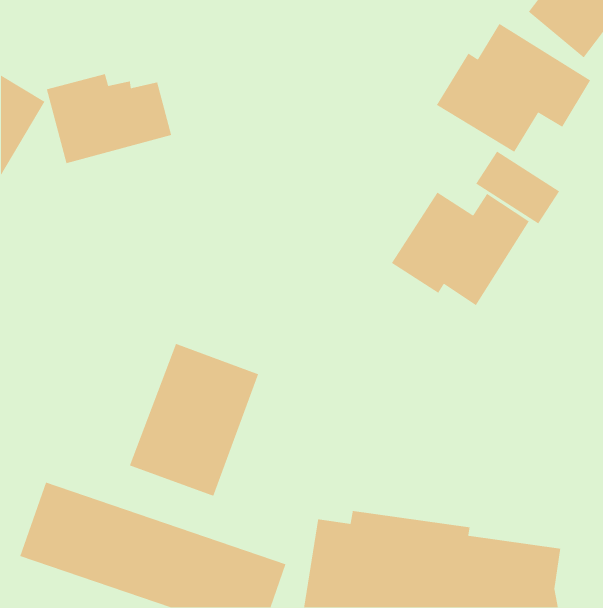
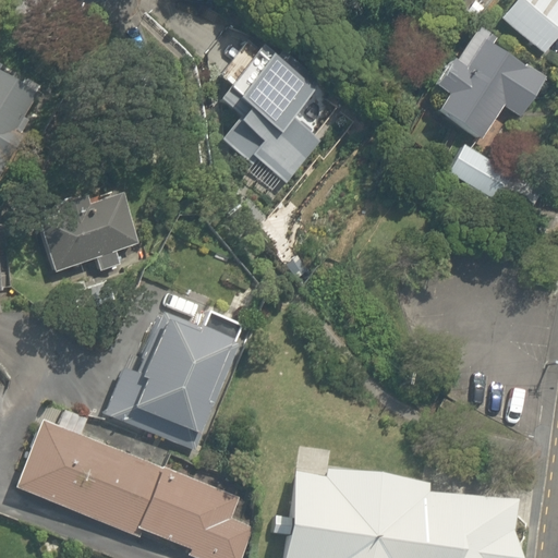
building: none -> [222,43,333,187]
building: [46,73,172,164] -> [28,192,144,275]
building: [391,192,530,306] -> none

